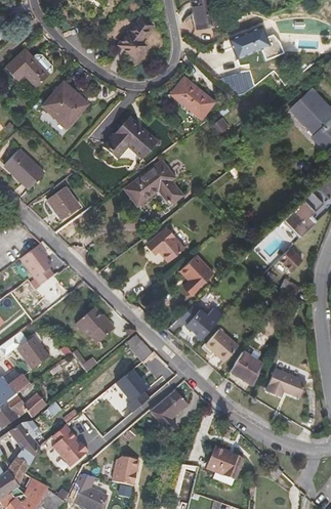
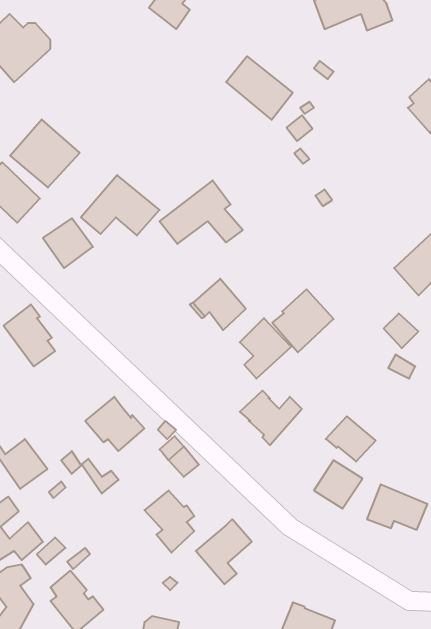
building: [41,81,88,127] -> [10,119,80,188]
building: [104,117,157,158] -> [81,175,160,236]
building: none -> [272,289,334,352]
building: [205,329,239,359] -> [326,416,376,462]

